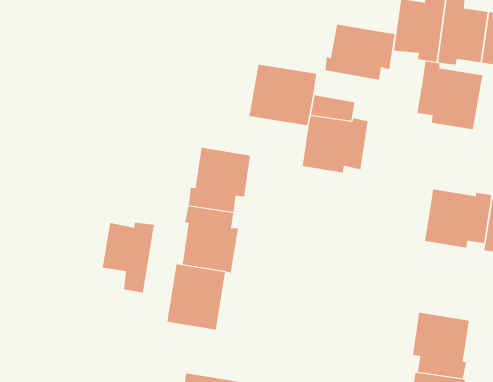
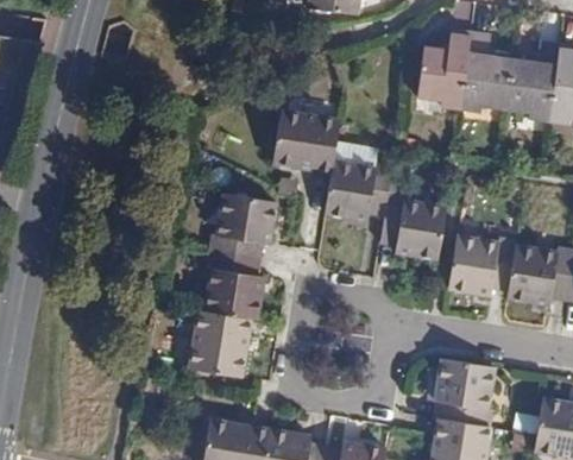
building: [325,24,396,80] -> none
building: [417,61,483,130] -> [380,191,447,260]
building: [102,222,154,293] -> none

